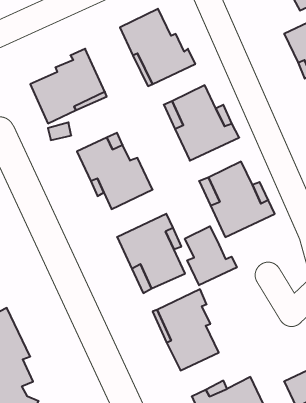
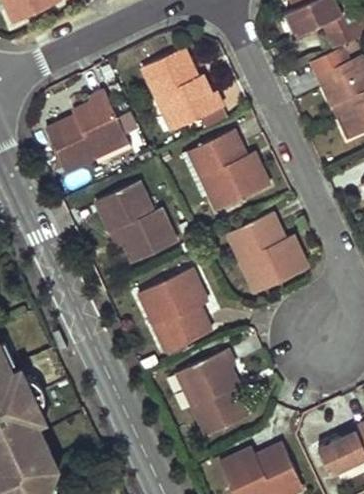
building: [185,226,237,285] -> none

